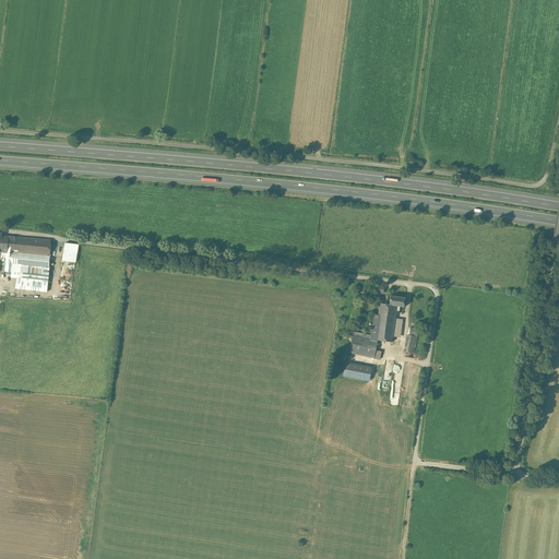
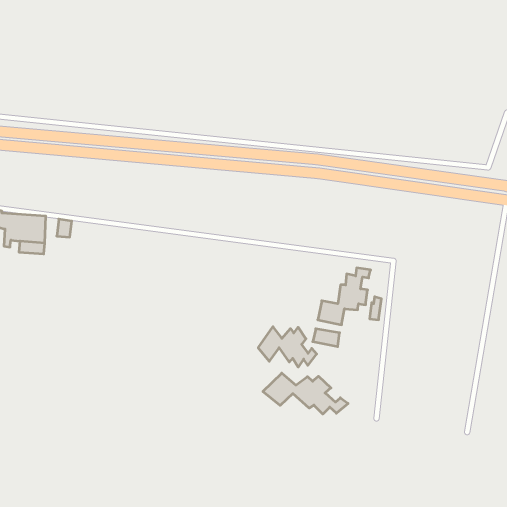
building: none -> [258,327,317,367]
building: none -> [263,373,348,414]

